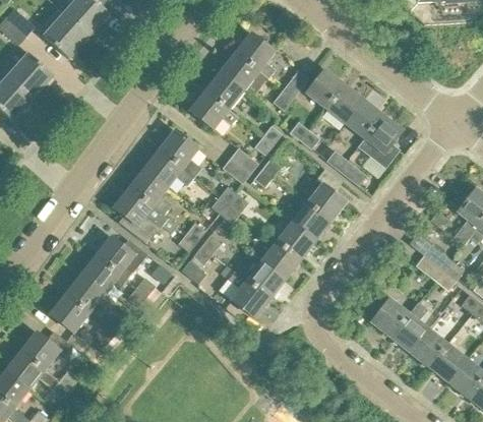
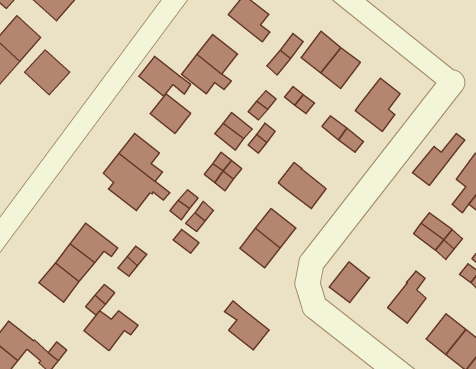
building: [220,51,259,89] -> none
building: none -> [25,50,70,95]
building: [345,98,383,137] -> none
building: [143,147,194,186] -> [139,56,191,96]
building: none -> [412,133,465,185]
building: [306,168,347,221] -> none
building: [277,221,316,259] -> none
building: [96,235,147,279] -> none
building: [227,269,270,317] -> [224,301,269,350]
building: [370,297,410,337] -> [329,262,370,303]
building: [410,327,447,367] -> none
building: [20,330,73,369] -> [84,311,138,350]

